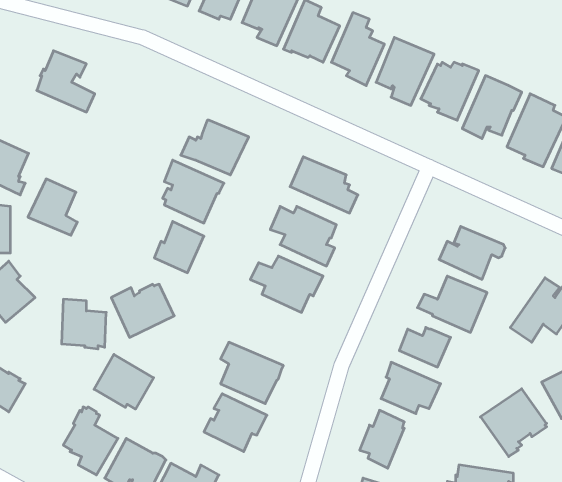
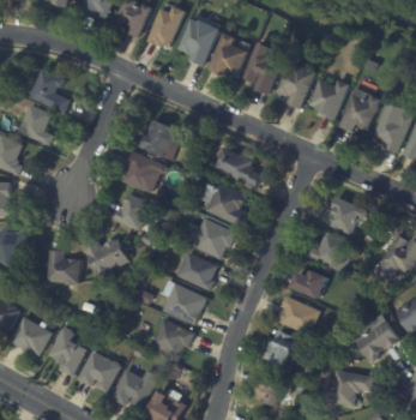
building: [28,179,77,235] -> [17,104,53,145]
building: none -> [176,252,218,292]
building: [94,354,154,409] -> [10,317,53,356]

